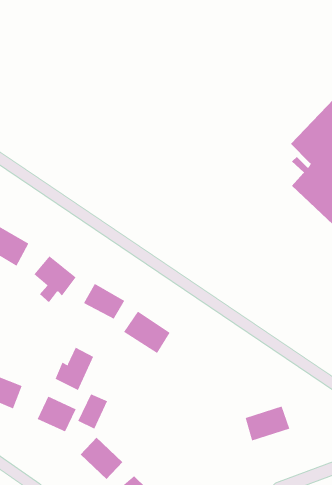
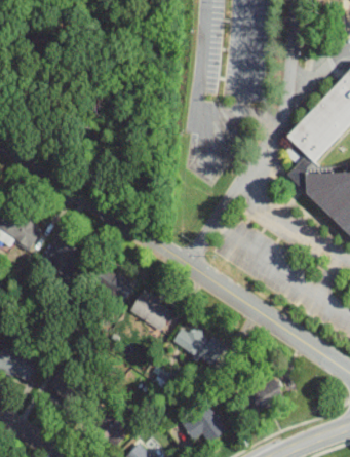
building: none -> [174,322,225,368]
building: [55,347,94,391] -> none
building: [77,394,108,430] -> none
building: none -> [185,407,226,448]

